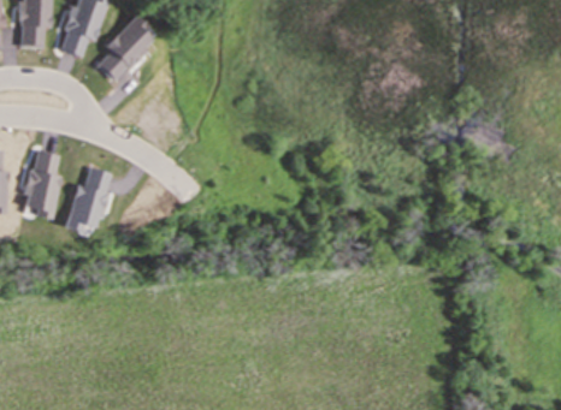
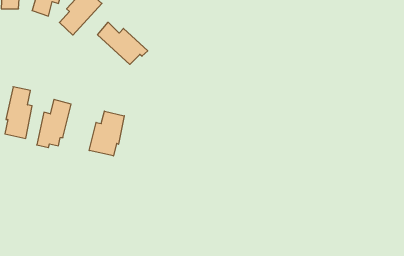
building: none -> [98,22,148,64]
building: none -> [89,111,124,156]

